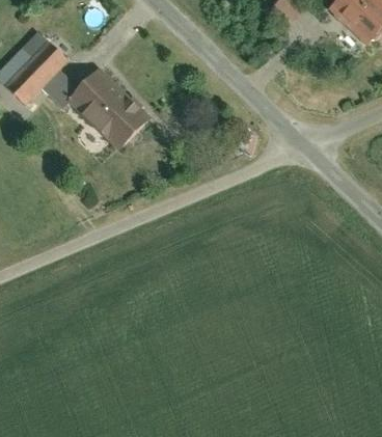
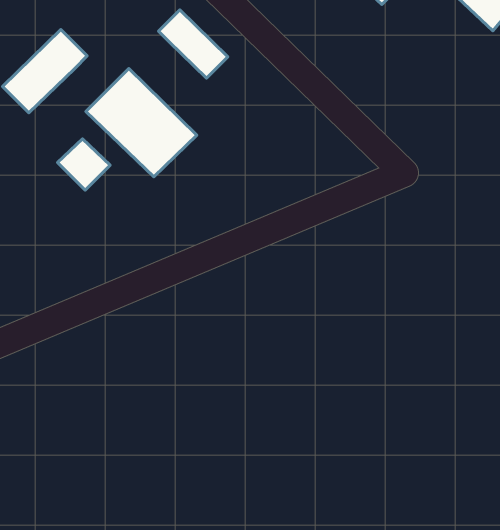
building: none -> [159,10,228,78]
building: [38,69,78,107] -> [57,139,110,190]

